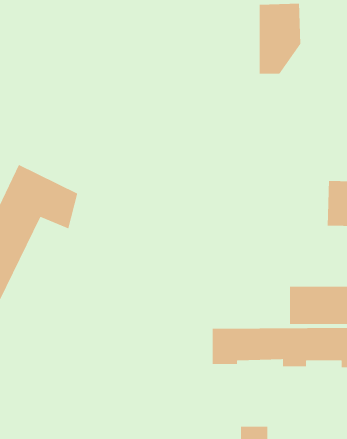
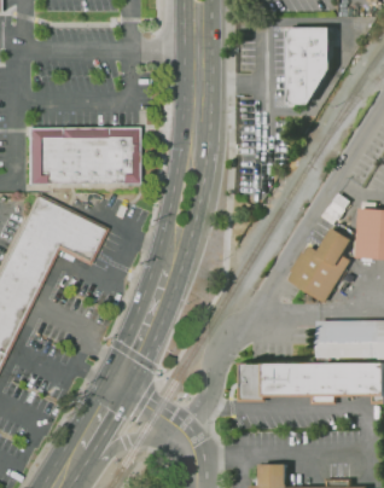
building: none -> [29,127,139,182]
building: none -> [286,228,350,304]

